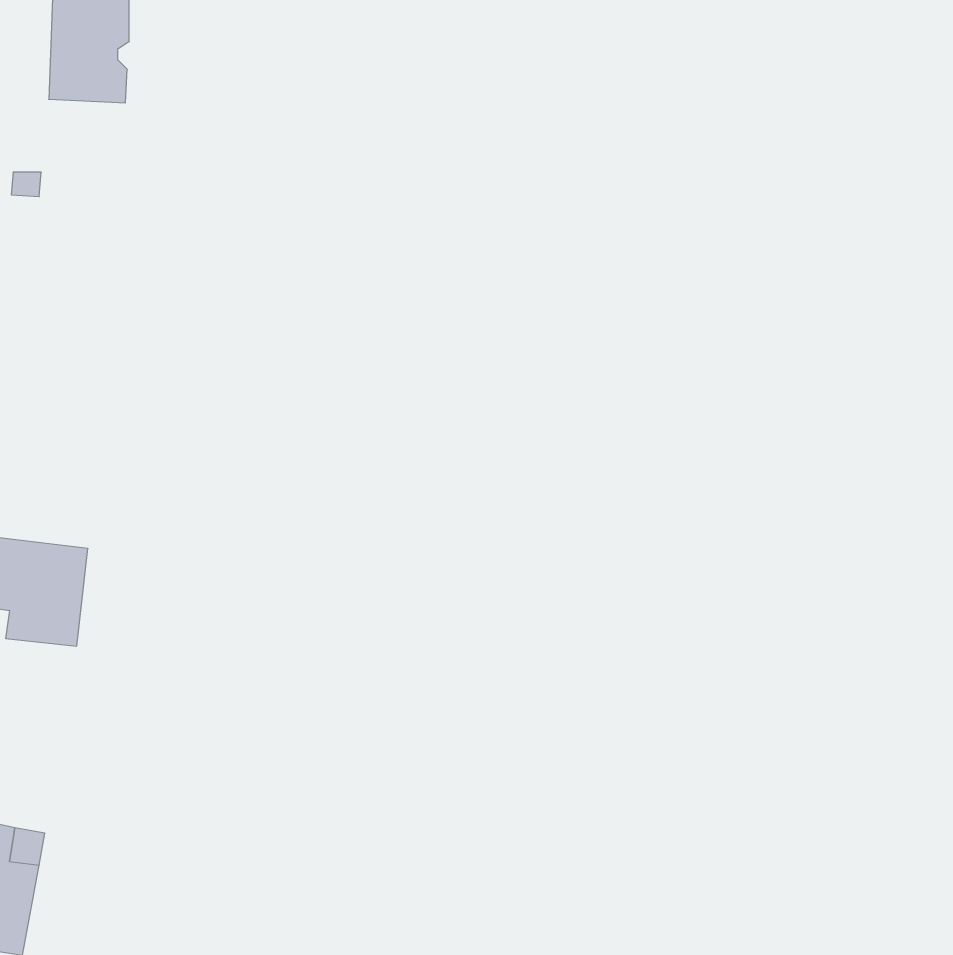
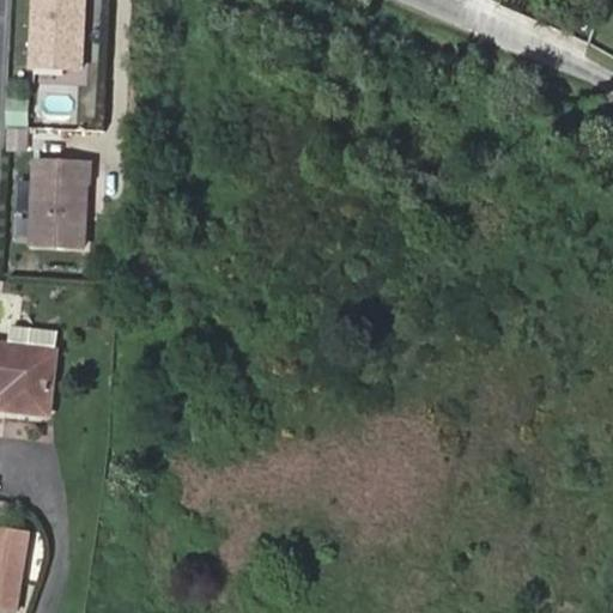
building: none -> [32,159,90,247]

